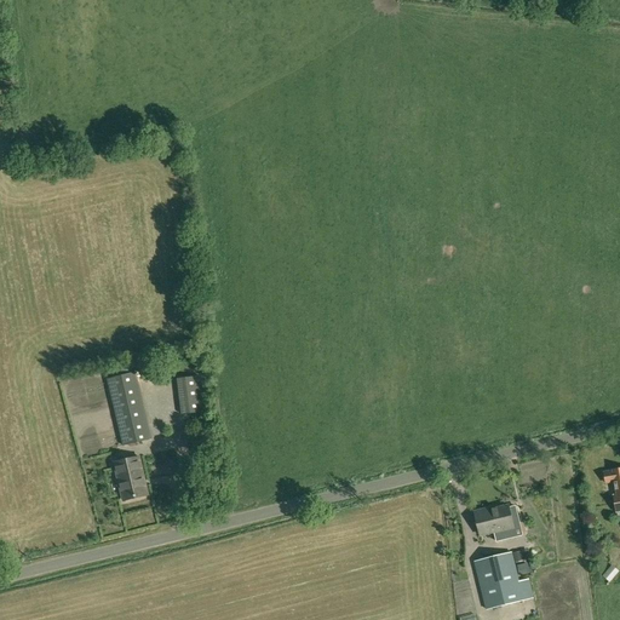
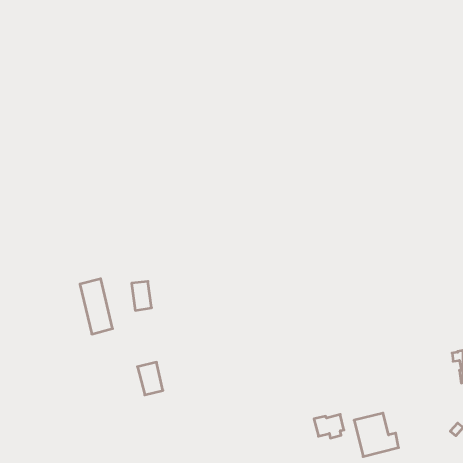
building: [113,457,147,500] -> [137,362,163,395]
building: [472,505,512,536] -> [314,414,344,438]

